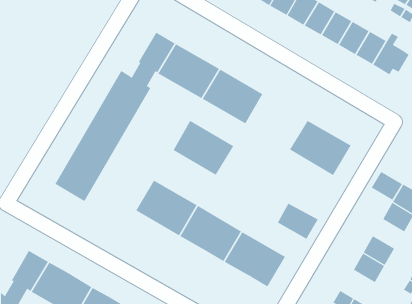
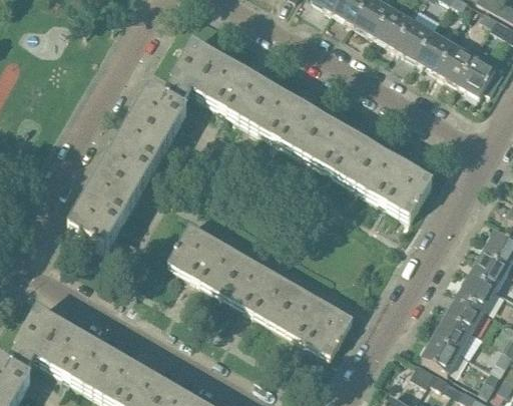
building: [173,120,234,176] -> [303,118,378,186]
building: [371,171,403,201] -> [458,272,497,308]
building: [277,203,318,240] -> none
building: none -> [421,334,461,371]

